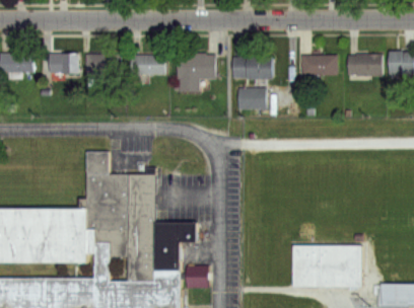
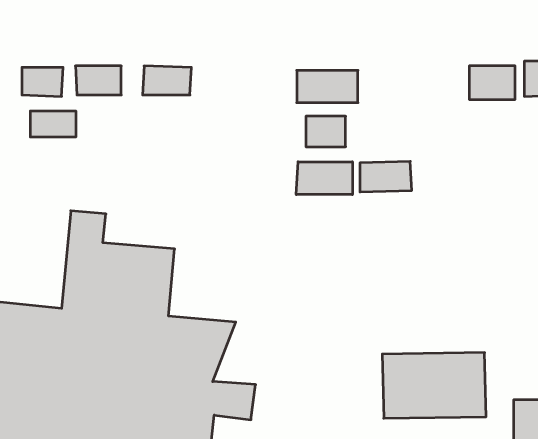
building: [179,55,217,92] -> none
building: [303,55,338,75] -> [360,161,412,192]
building: none -> [30,111,76,137]
building: none -> [296,162,352,195]

